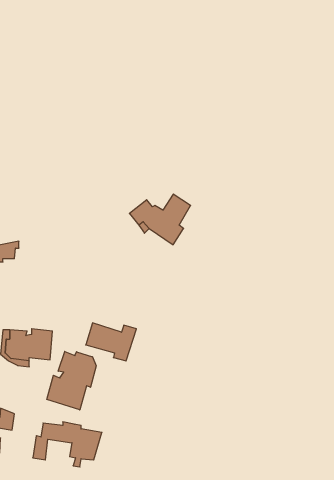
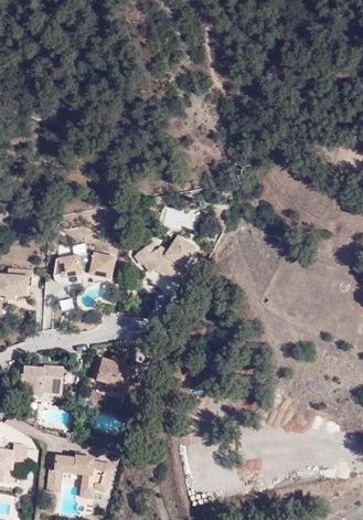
building: none -> [56,252,117,276]
building: [47,351,96,410] -> none

